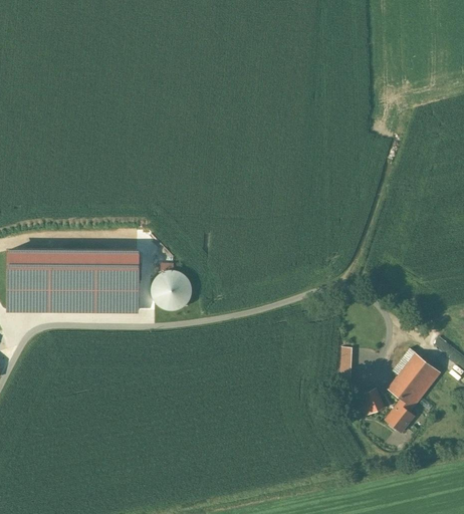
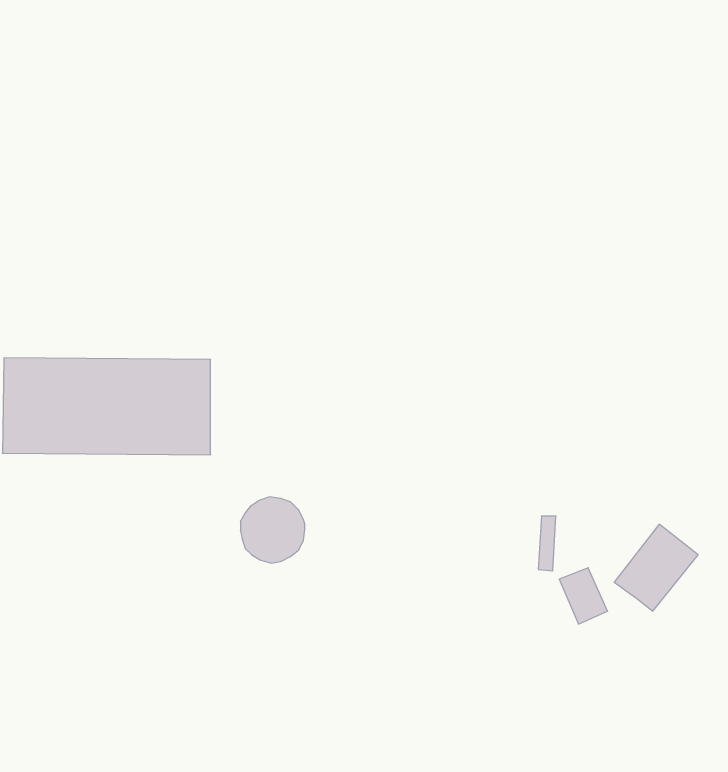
building: [151,271,191,312] -> [240,497,305,563]
building: [386,401,413,433] -> none

